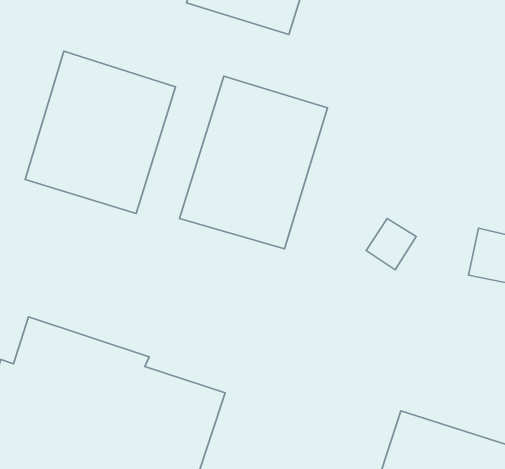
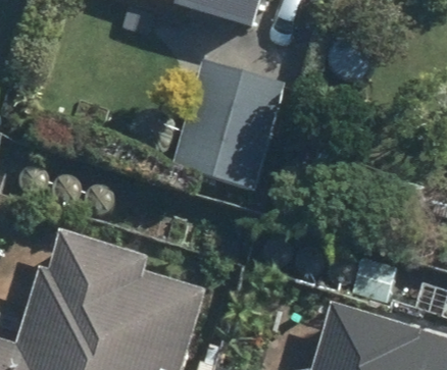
building: [25,51,176,214] -> none

